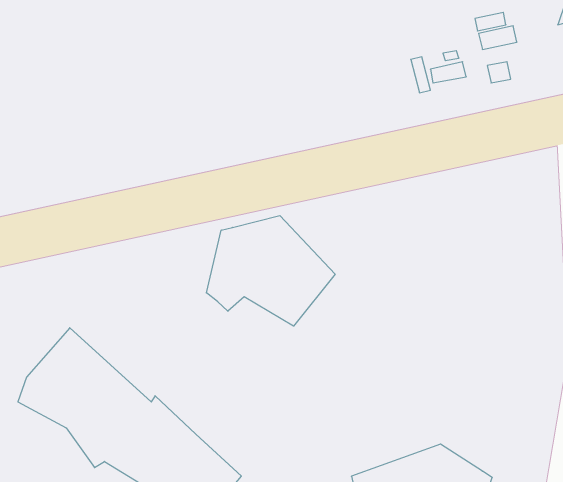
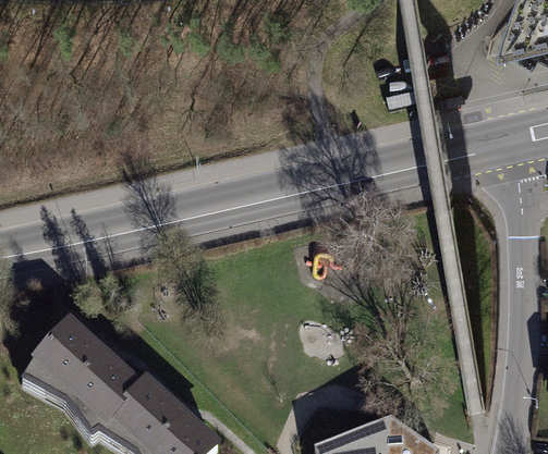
building: [206,216,335,326] -> none

